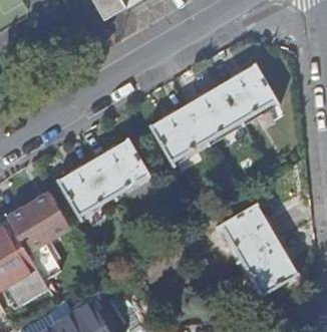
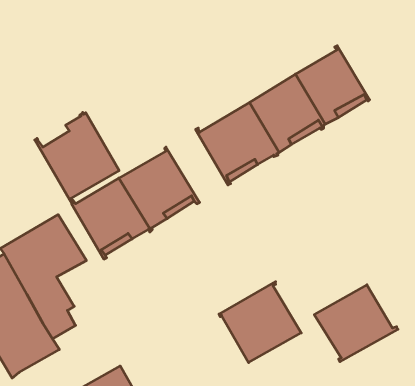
building: none -> [35,112,119,204]
building: [215,202,276,262] -> [219,282,301,363]

